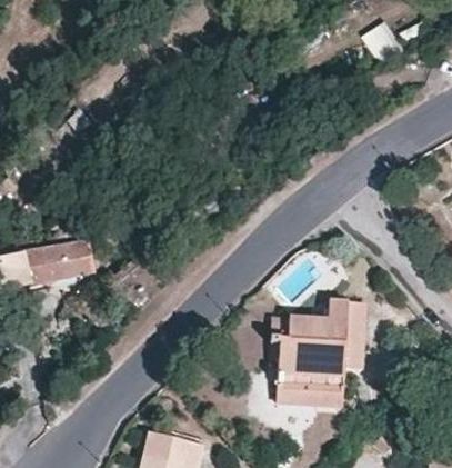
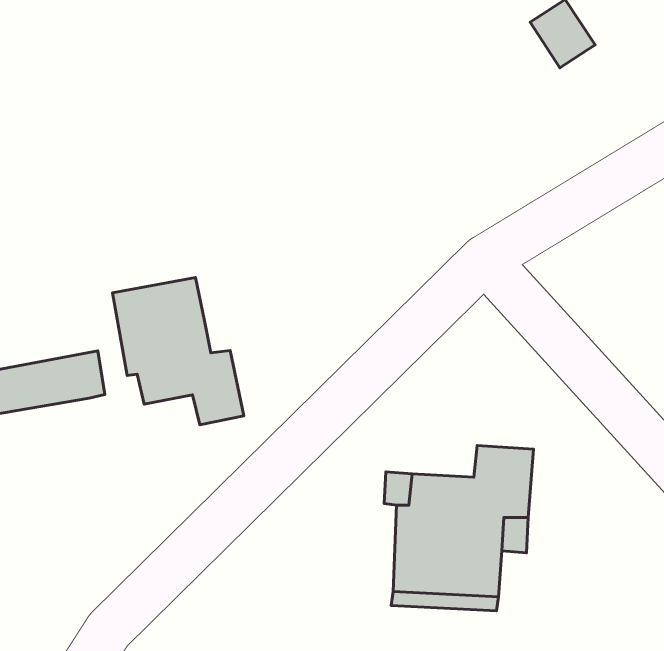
building: none -> [112,277,244,425]

